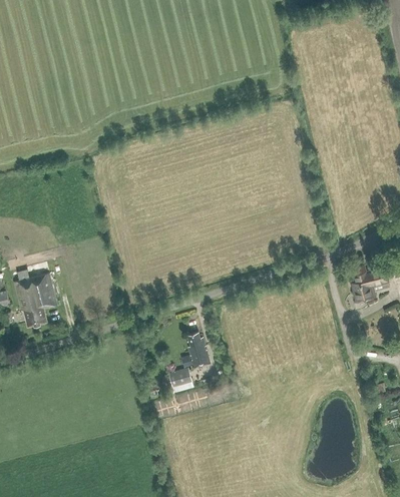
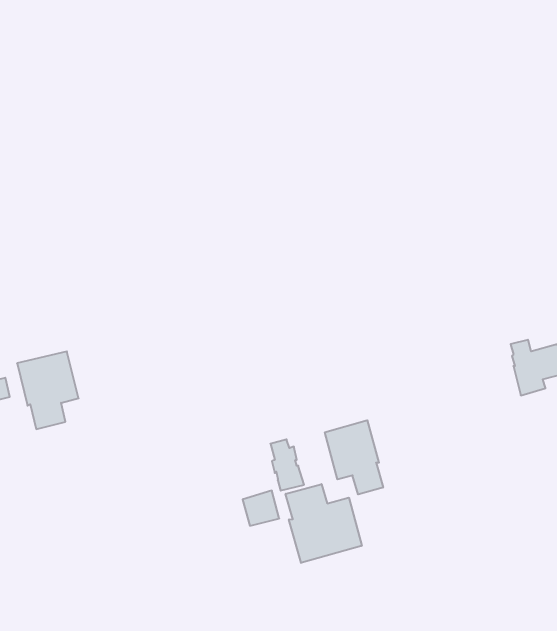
building: none -> [325,420,383,494]
building: none -> [286,484,362,563]

